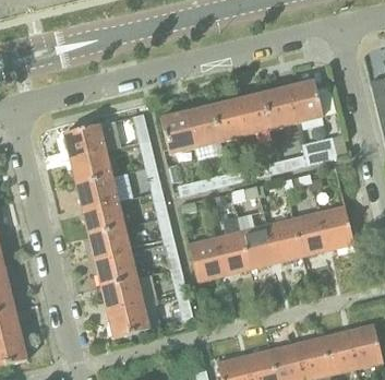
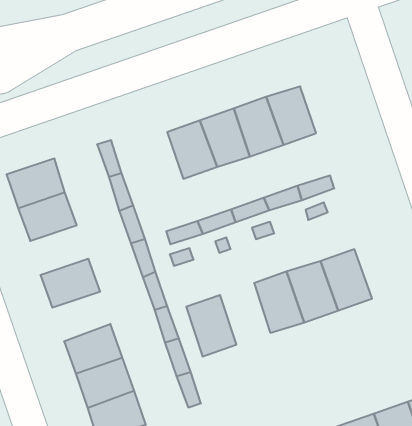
building: [289,80,324,122] -> none
building: [160,111,195,154] -> none
building: [302,136,337,165] -> none
building: [76,175,119,210] -> none
building: [318,205,354,250] -> none
building: [88,226,131,261] -> none
building: [215,230,250,275] -> none

